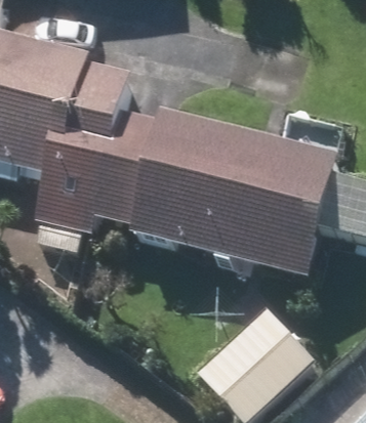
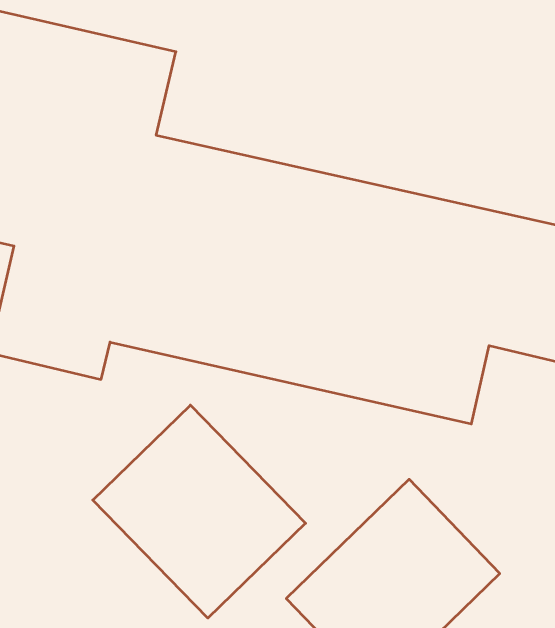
building: none -> [93,405,306,618]

